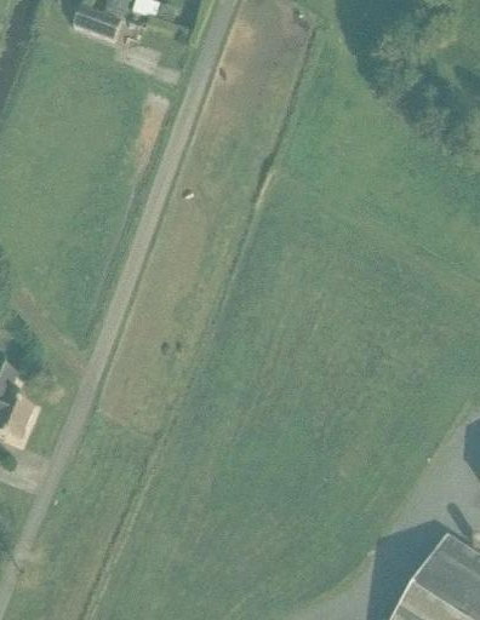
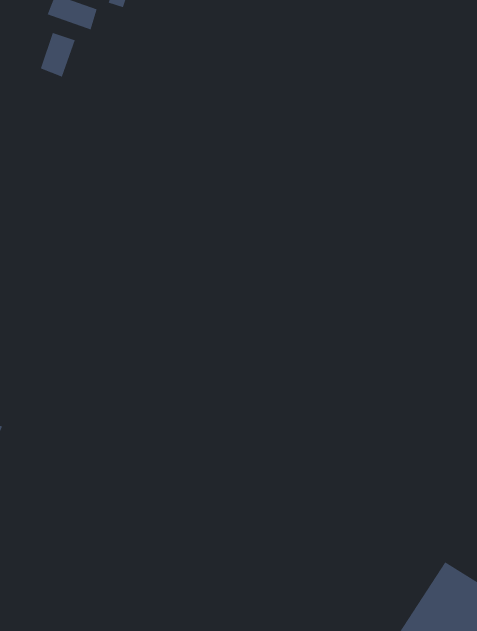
building: none -> [40,32,75,77]

